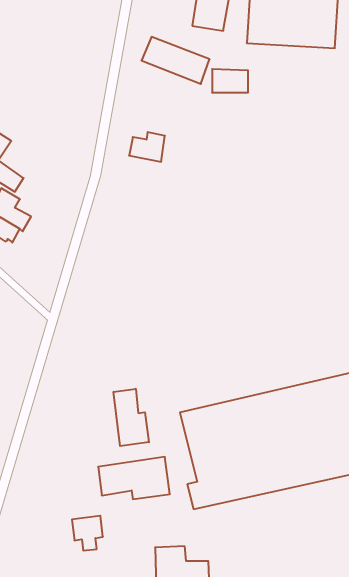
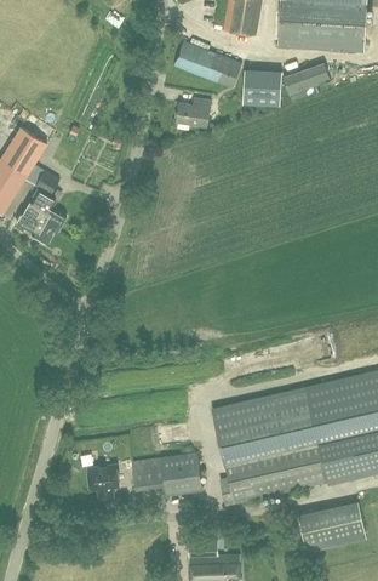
building: none -> [281,62,332,92]
building: [129,132,165,162] -> [174,97,210,126]
building: [114,389,149,446] -> none
building: none -> [302,506,366,551]
building: [72,516,103,550] -> [87,465,118,499]

